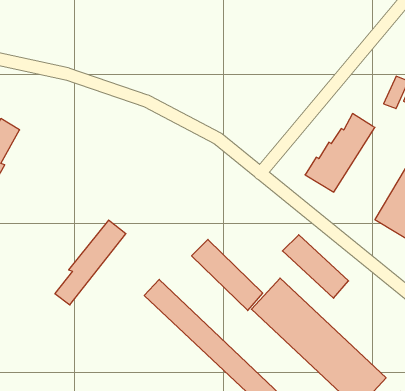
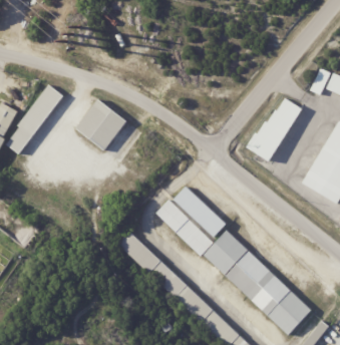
building: none -> [76,98,127,149]
building: [55,220,126,305] -> [6,84,63,152]
building: [282,235,349,298] -> [174,186,227,237]

